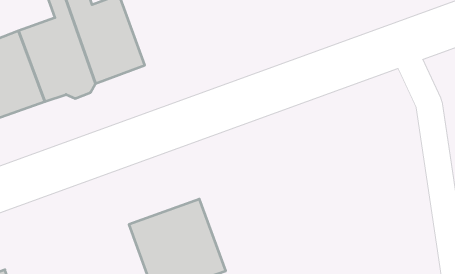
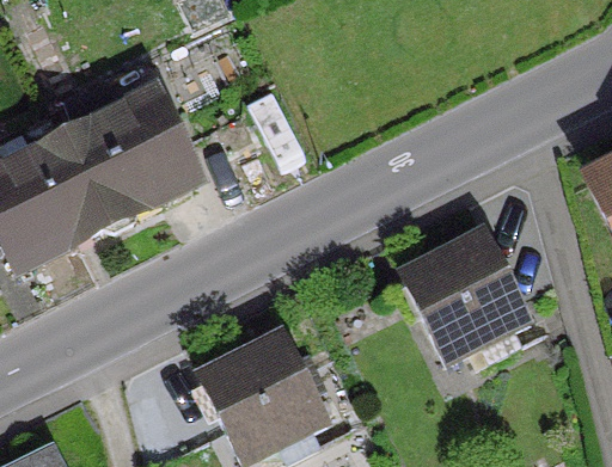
building: none -> [402,229,528,358]

